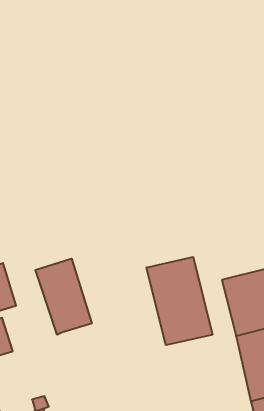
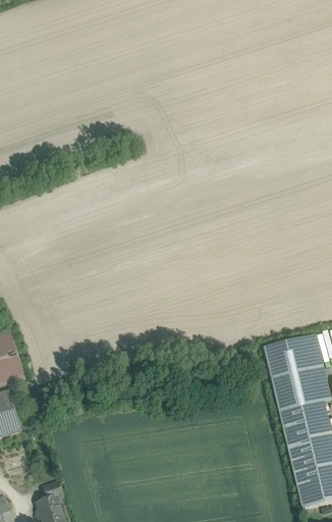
building: [147,257,212,345] -> none
building: [35,259,92,335] -> none

